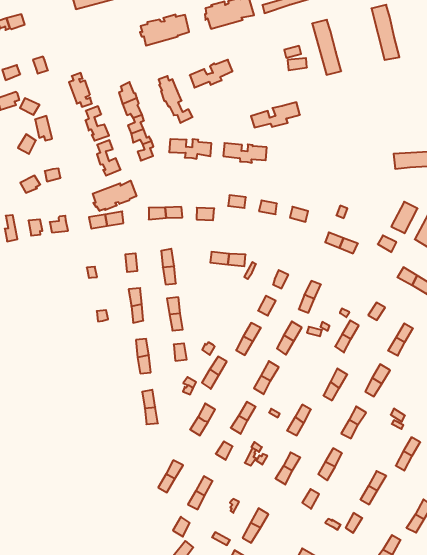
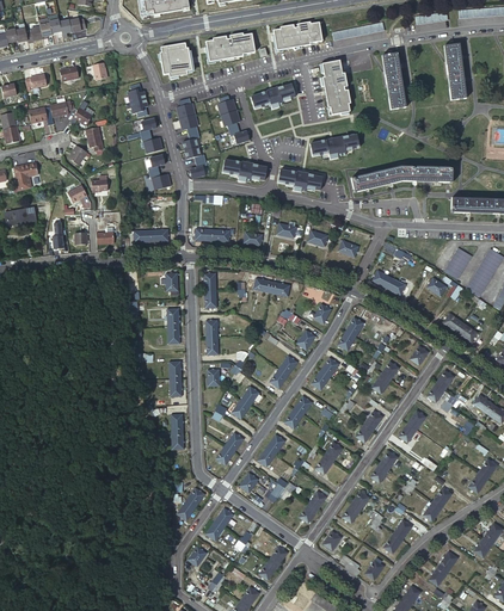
building: none -> [159,42,192,76]
building: none -> [321,60,350,115]
building: none -> [351,165,453,191]
building: [93,181,136,211] -> none

